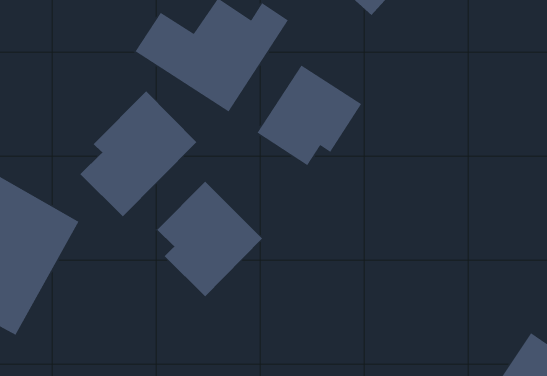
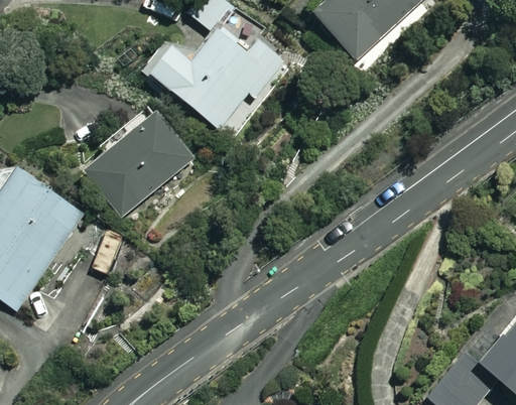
building: [257,65,362,166] -> none
building: [156,181,263,297] -> none

